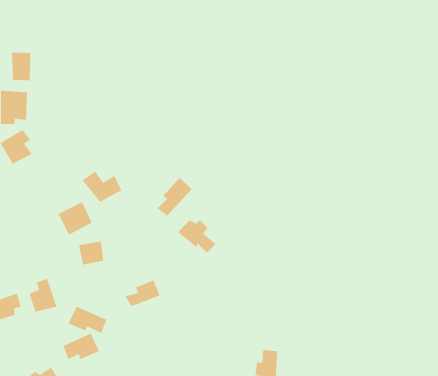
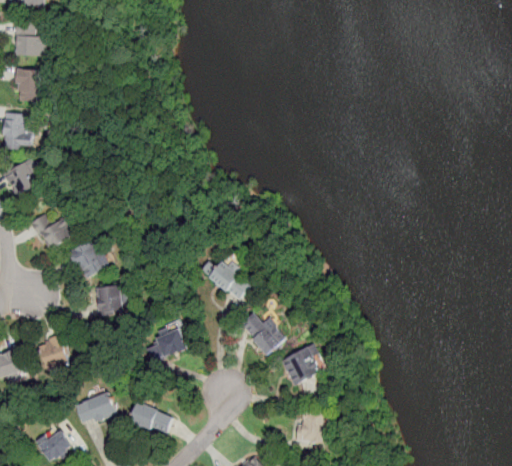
building: none -> [14,20,47,56]
building: [82,171,122,203] -> [27,212,74,249]
building: [157,177,193,216] -> none
building: none -> [240,313,287,356]
building: none -> [282,347,321,386]
building: [68,306,108,334] -> [128,402,174,435]

